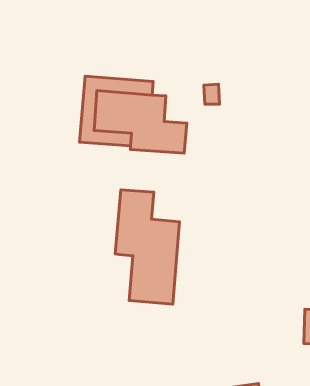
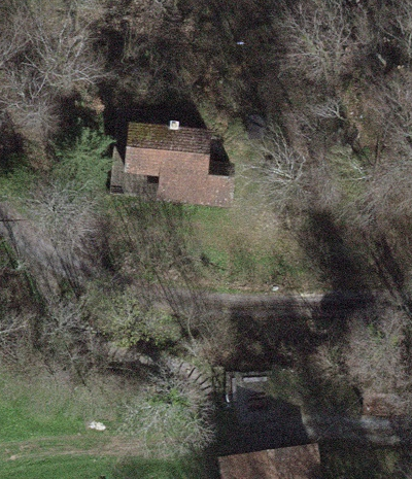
building: [115,190,180,304] -> none

